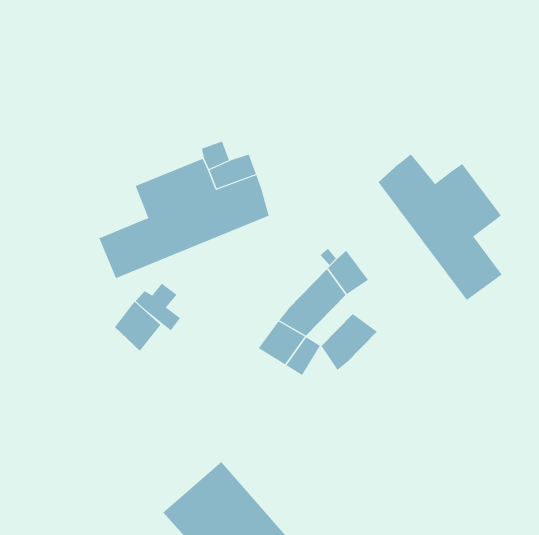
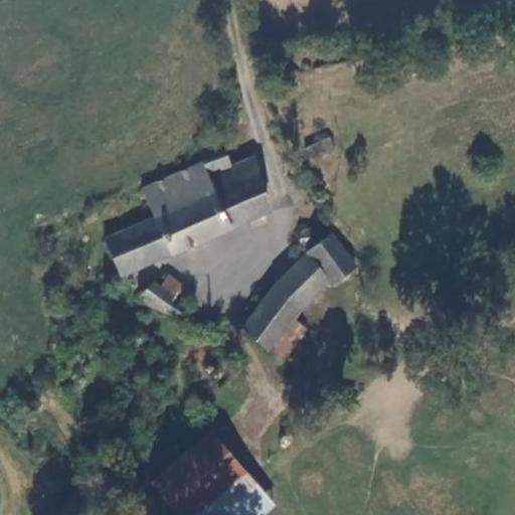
building: [378,153,503,301] -> none
building: [114,301,161,351] -> none
building: [321,313,378,371] -> none

